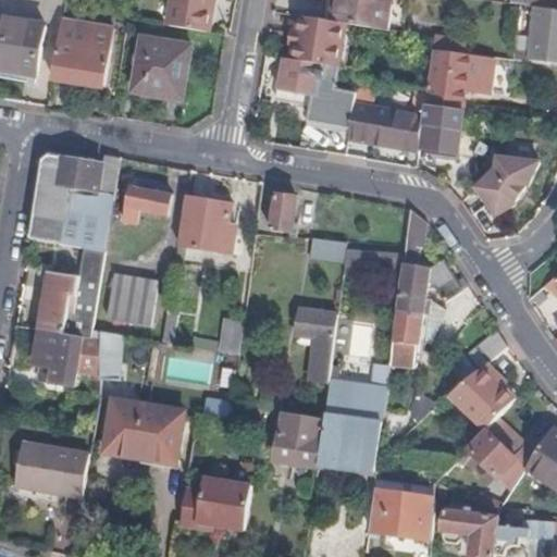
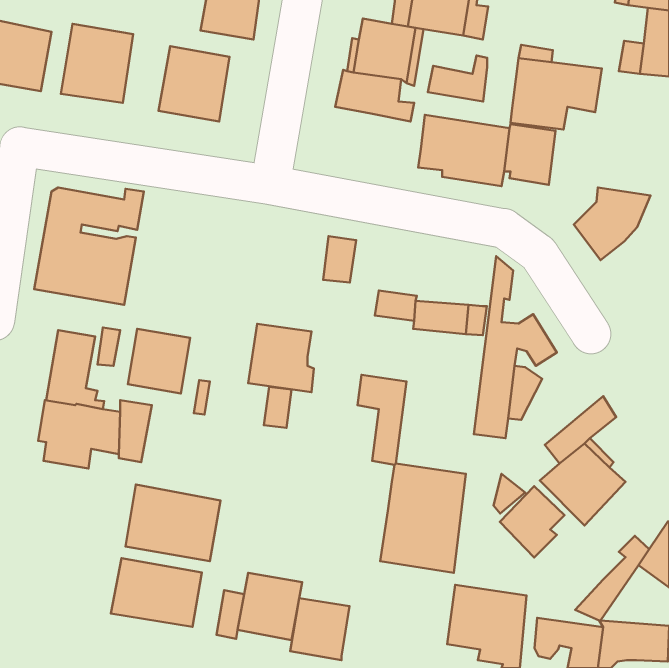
building: [301,85,350,123] -> [428,55,487,102]
building: [115,186,171,221] -> none
building: [178,194,233,250] -> [248,324,314,392]
building: [271,414,320,466] -> [290,598,349,660]
building: [469,419,522,478] -> [500,486,565,557]
building: [13,441,88,497] -> [111,558,202,627]

